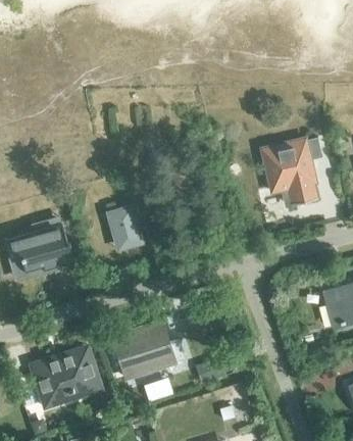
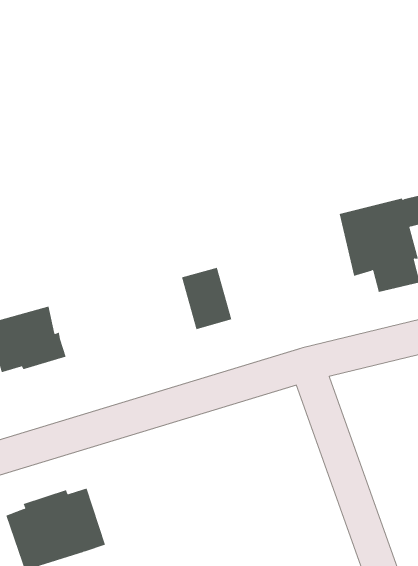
building: [105,206,141,250] -> [181,267,232,330]
building: [113,322,185,379] -> none

